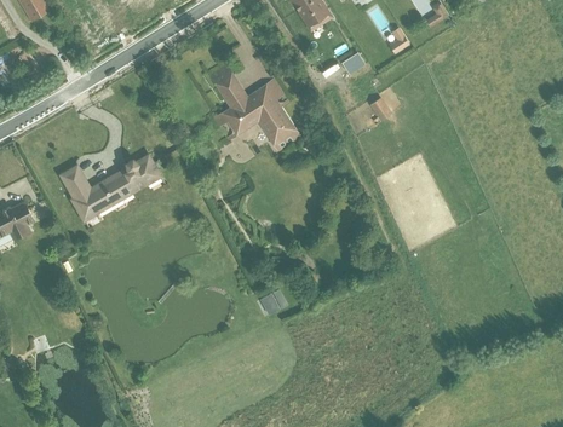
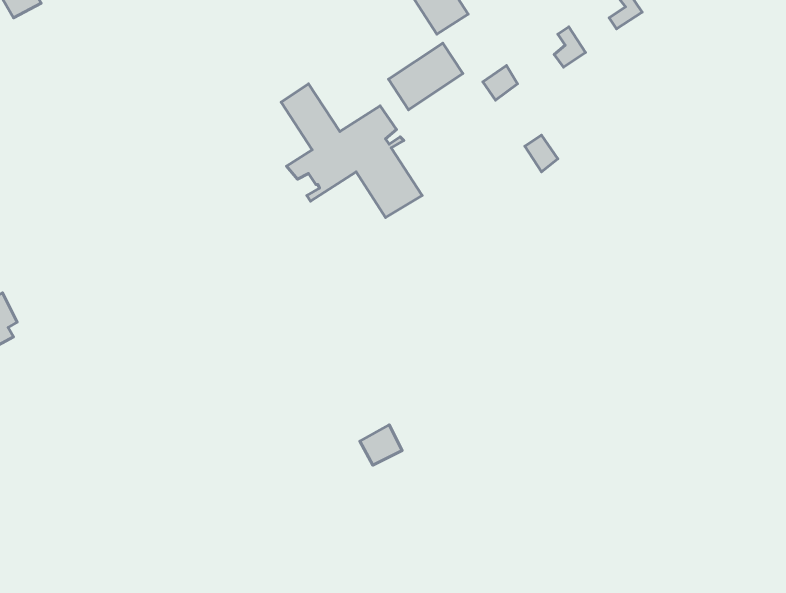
building: none -> [388,43,463,110]
building: [59,151,162,221] -> none

